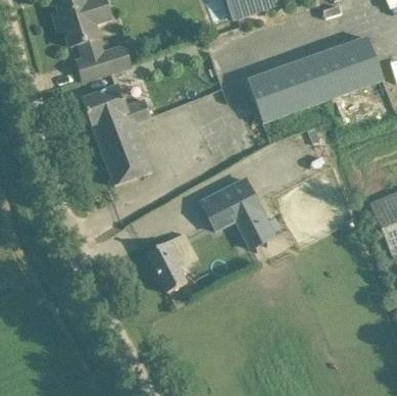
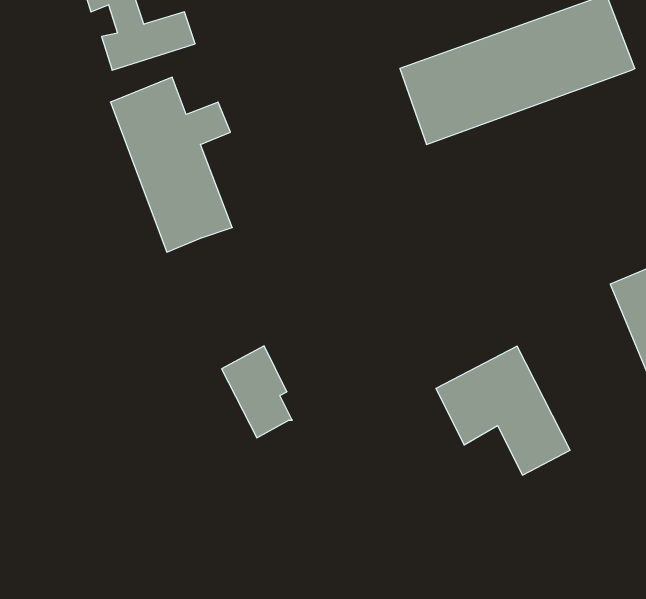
building: [199,175,277,249] -> [436,346,570,475]

